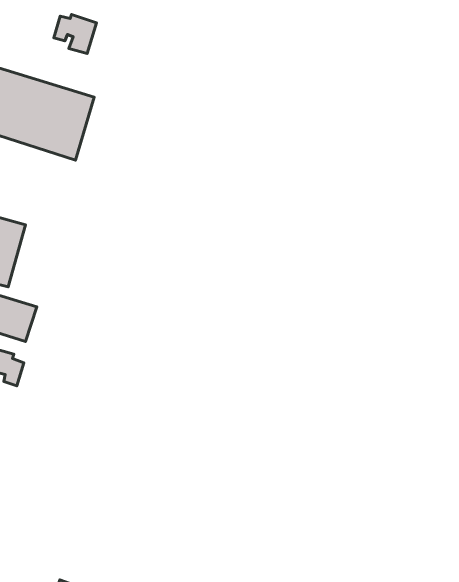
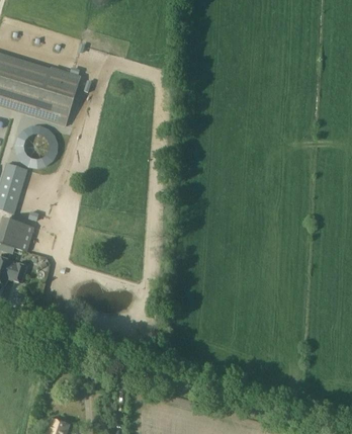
building: [54,14,97,53] -> none
building: none -> [14,122,58,164]

